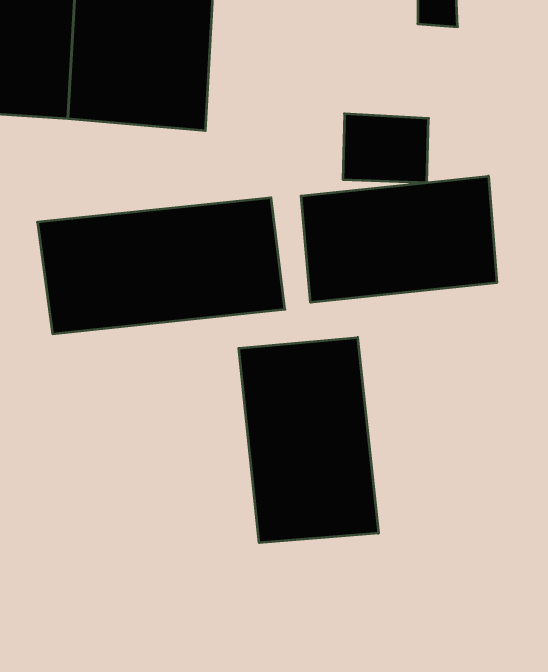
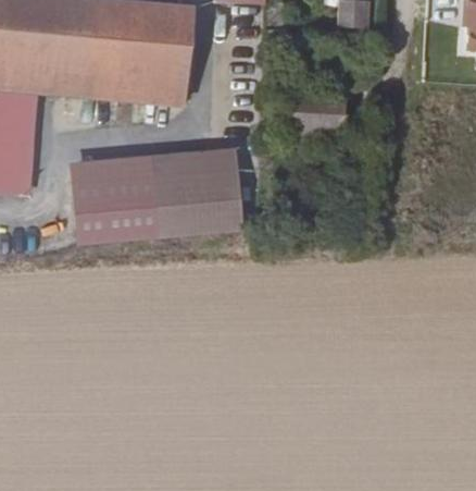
building: [301,176,497,302] -> none
building: [239,337,378,543] -> none

